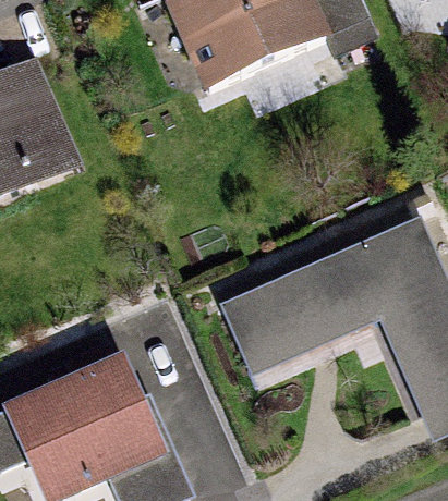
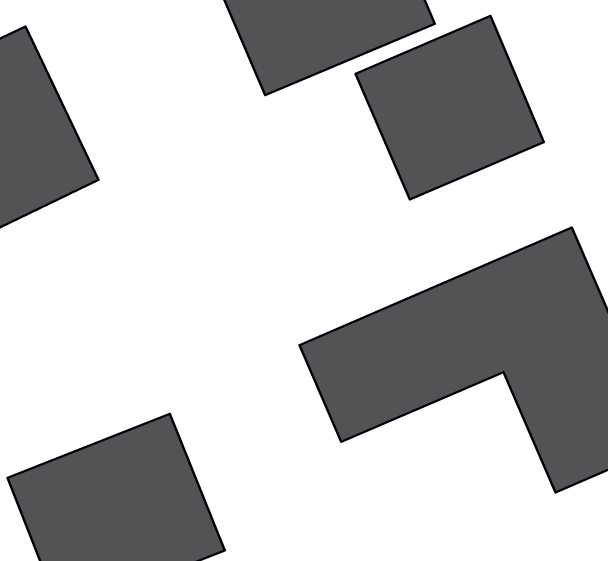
building: none -> [356,16,544,199]

